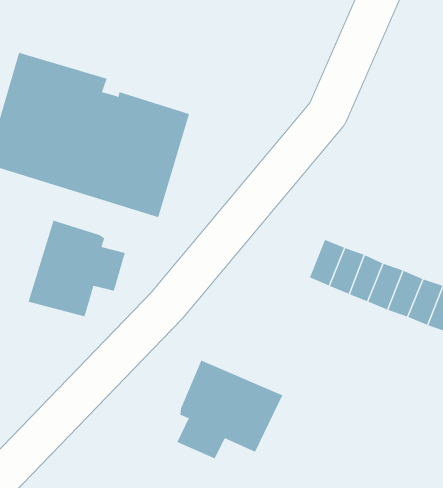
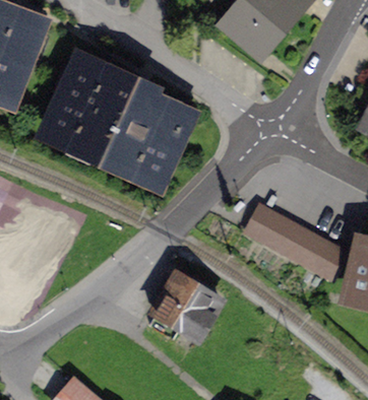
building: [28,220,126,317] -> none

